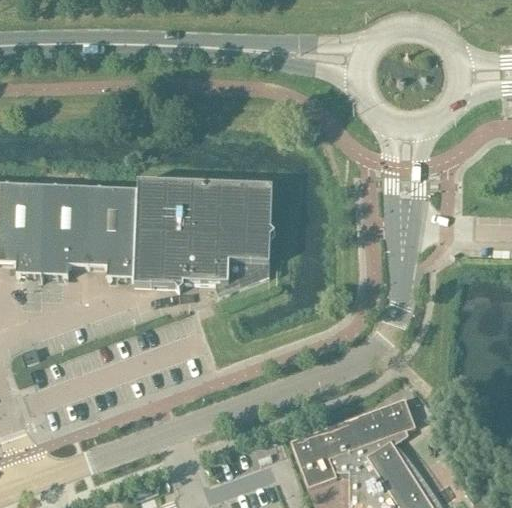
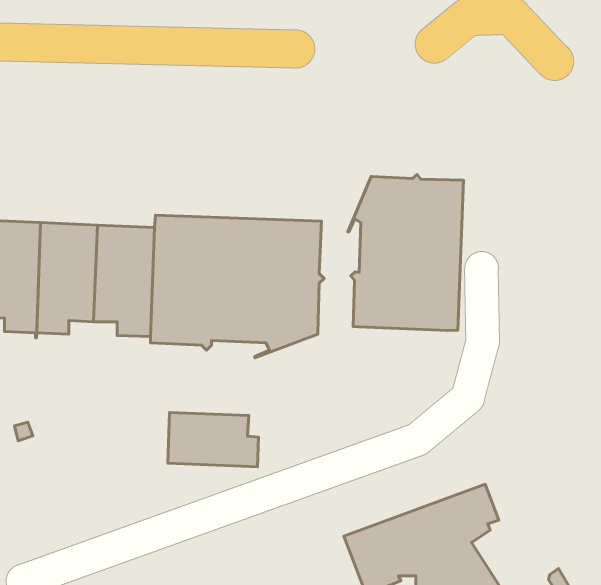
building: none -> [348,174,463,331]
building: none -> [168,413,259,467]

